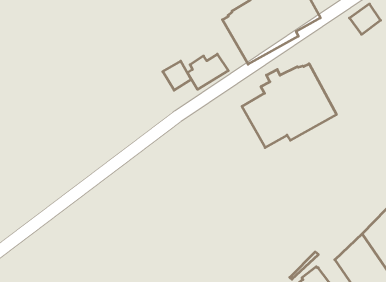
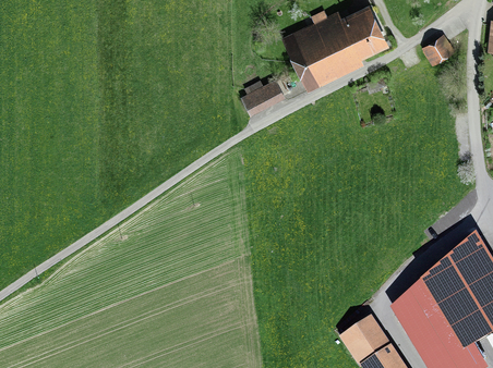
building: [163,61,191,90] -> none
building: [242,64,336,148] -> none

